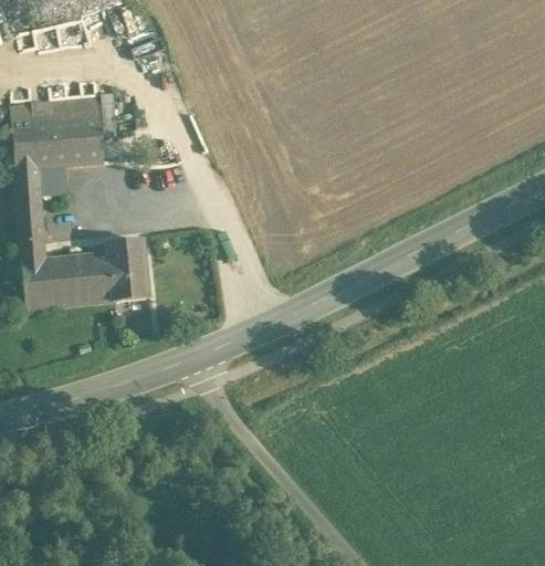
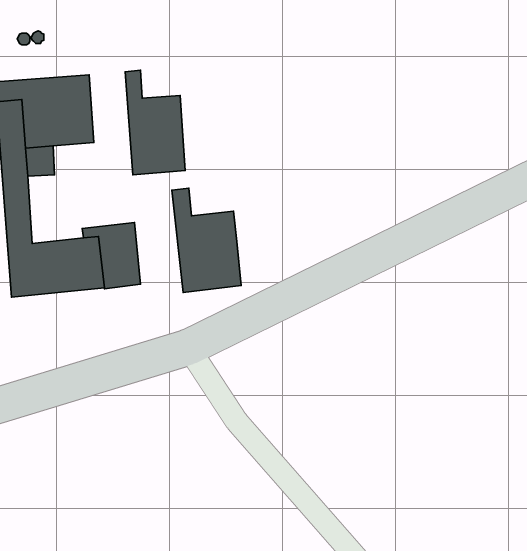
building: none -> [125,70,185,175]
building: none -> [172,188,241,292]

